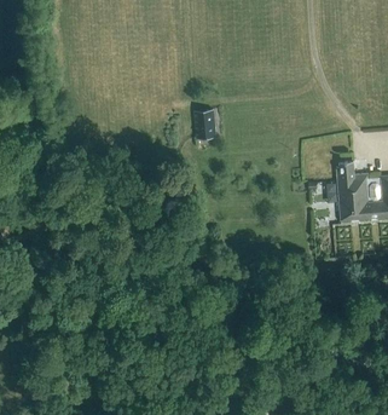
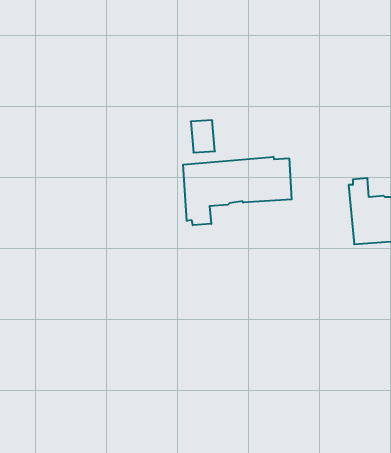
building: none -> [183,157,292,225]

